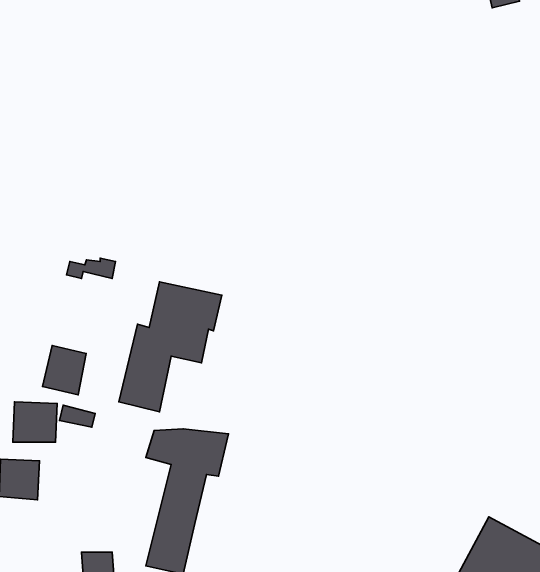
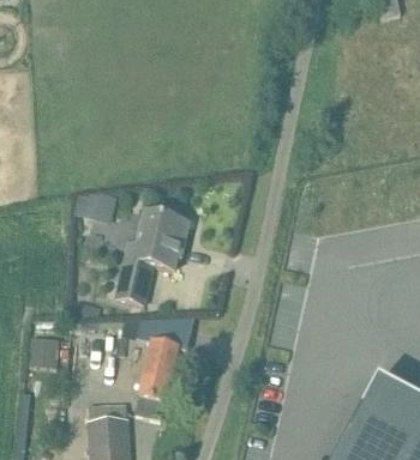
building: [42,345,86,395] -> none
building: [13,402,57,442] -> none

